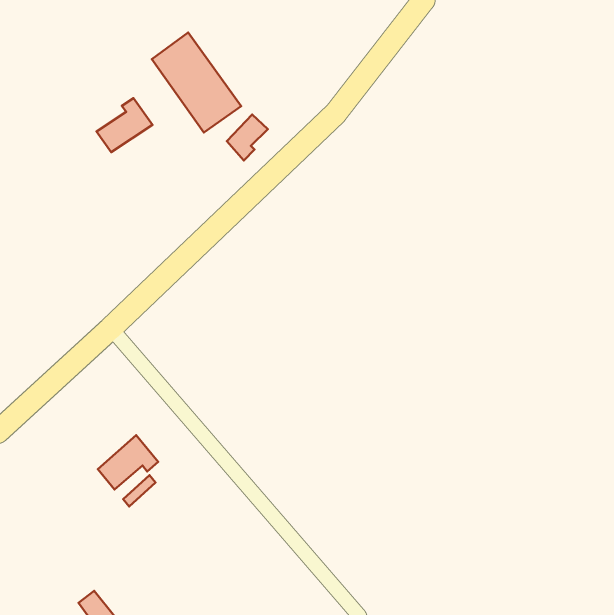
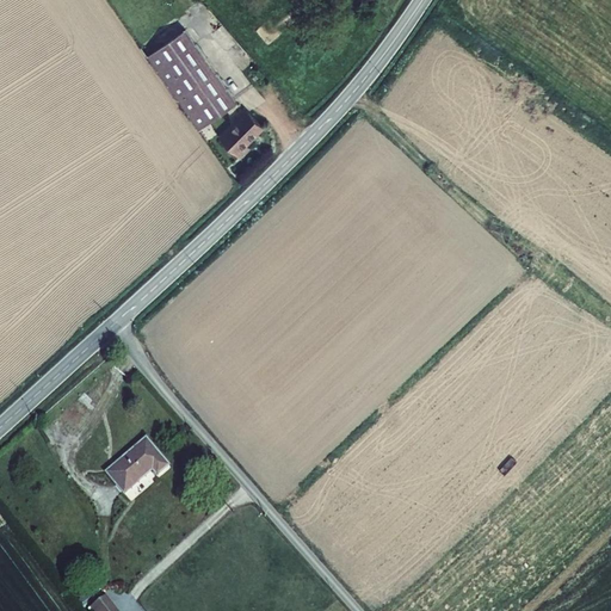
building: [97,98,153,152] -> none

